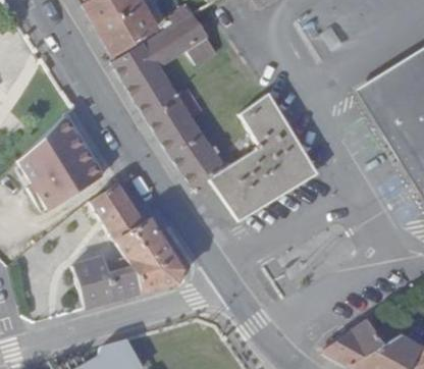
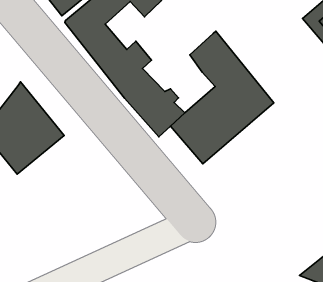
building: [74,183,179,311] -> none

